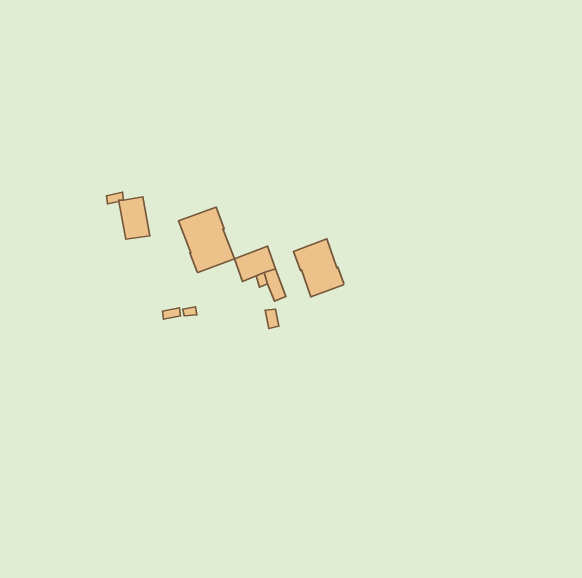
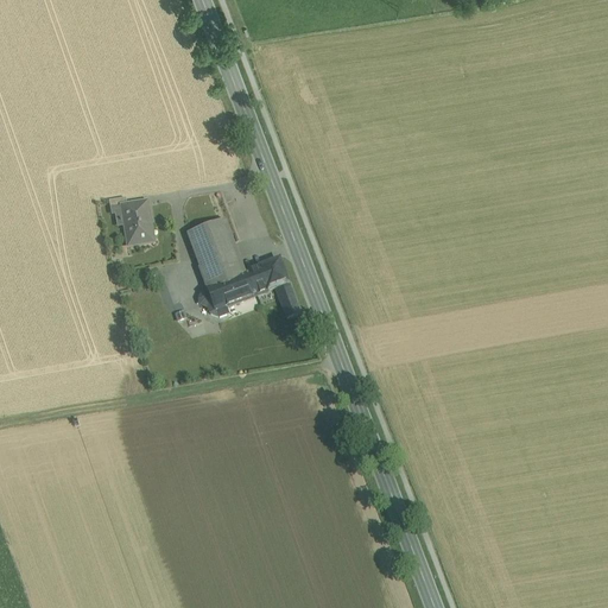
building: [293,239,344,297] -> none
building: none -> [197,268,252,311]

